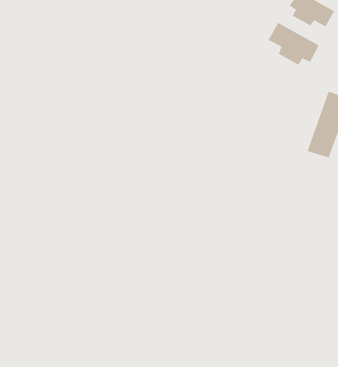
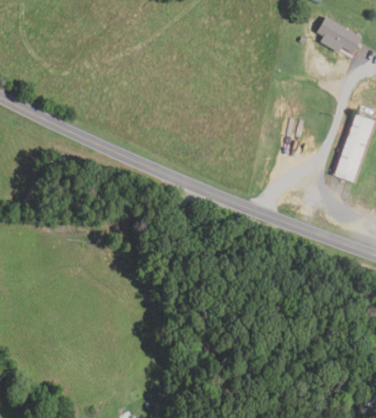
building: [268,22,320,66] -> none

